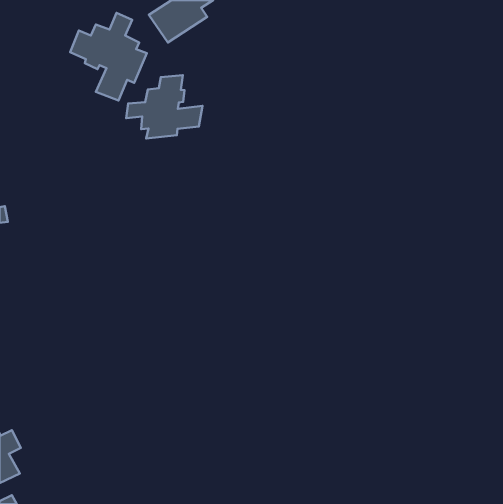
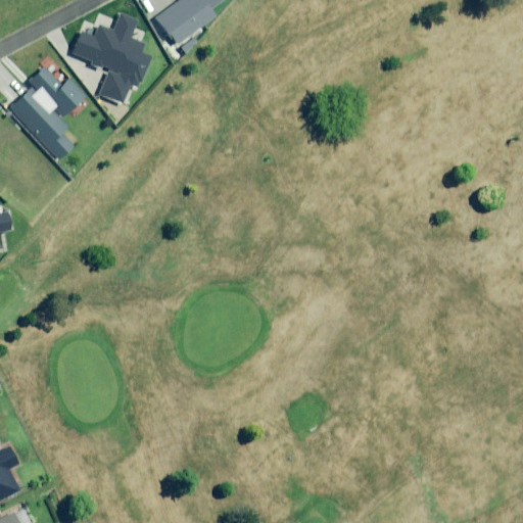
building: none -> [8,68,84,160]
building: [126,75,203,138] -> none

